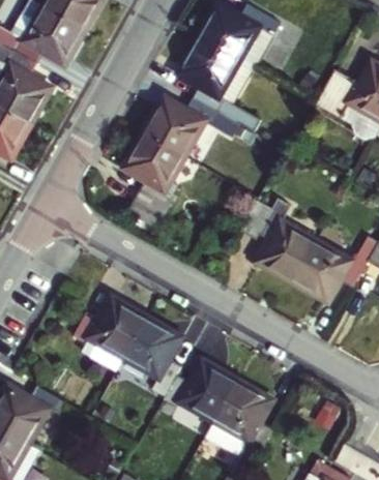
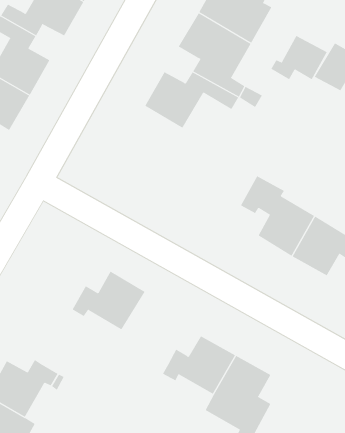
building: none -> [270,35,328,80]
building: [124,132,183,226] -> none
building: [122,318,181,390] -> none

